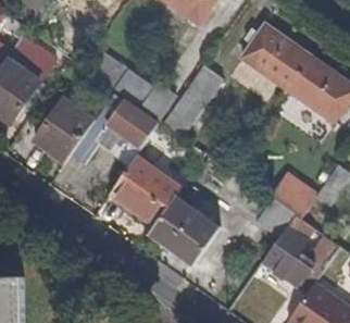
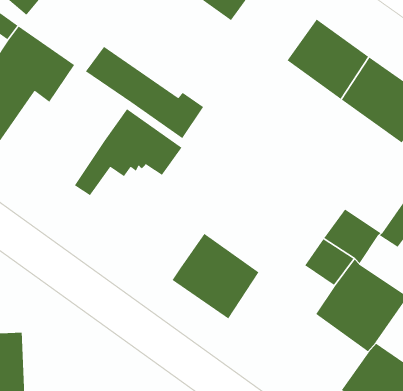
building: [159,64,221,137] -> none
building: [32,97,93,163] -> none
building: [110,154,180,223] -> none

